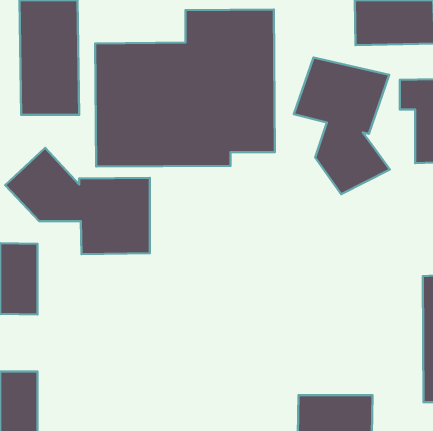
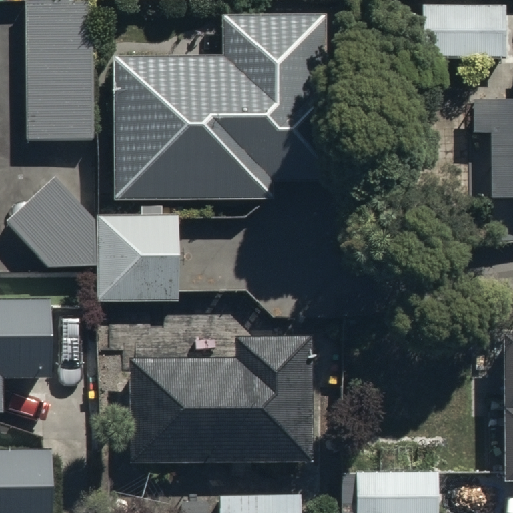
building: [294,57,390,194] -> none
building: none -> [129,336,313,461]

